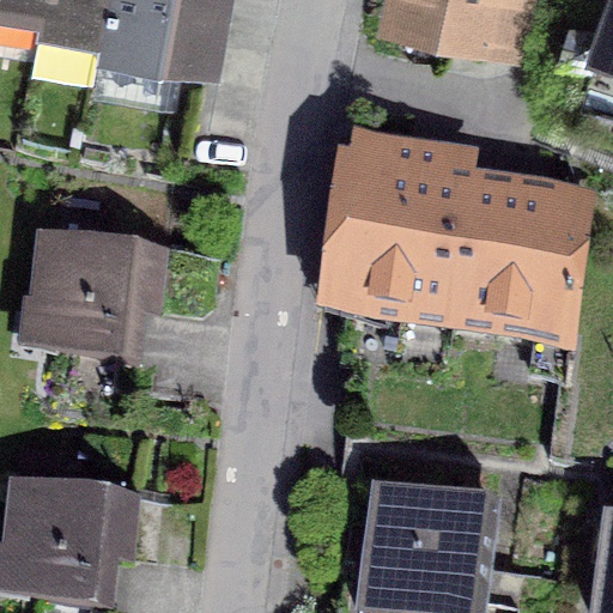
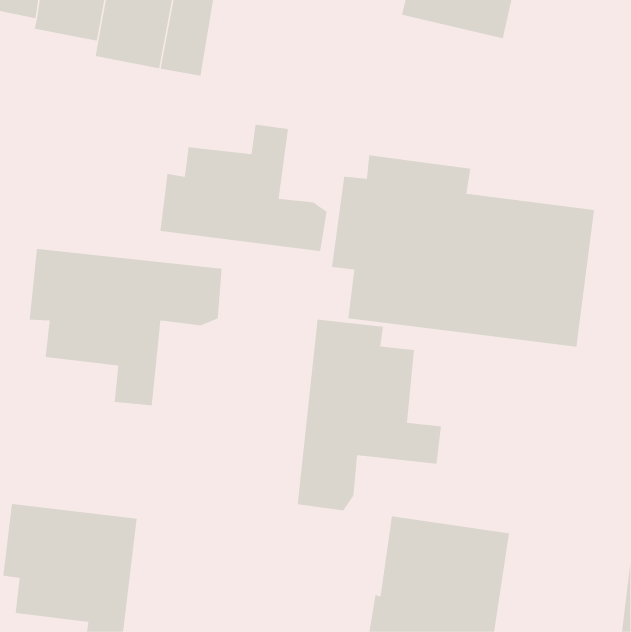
building: none -> [160,124,327,252]
building: none -> [297,319,441,511]

